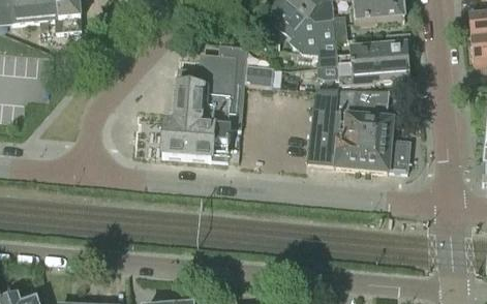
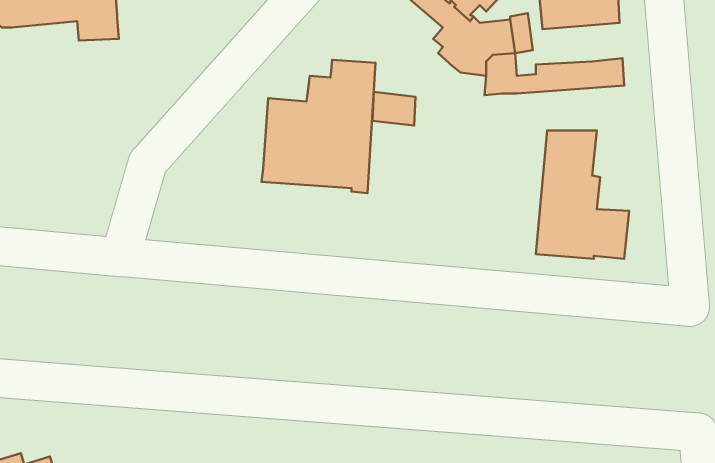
building: [337,60,409,85] -> none
building: [307,89,358,169] -> none
building: [162,121,232,160] -> none

